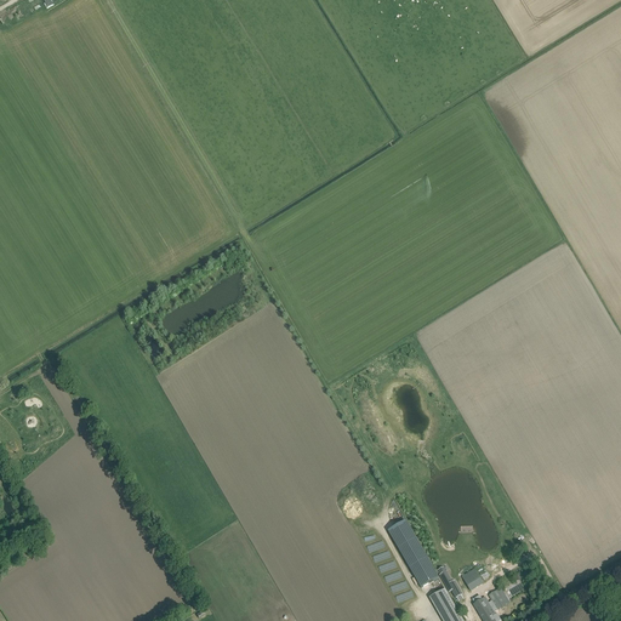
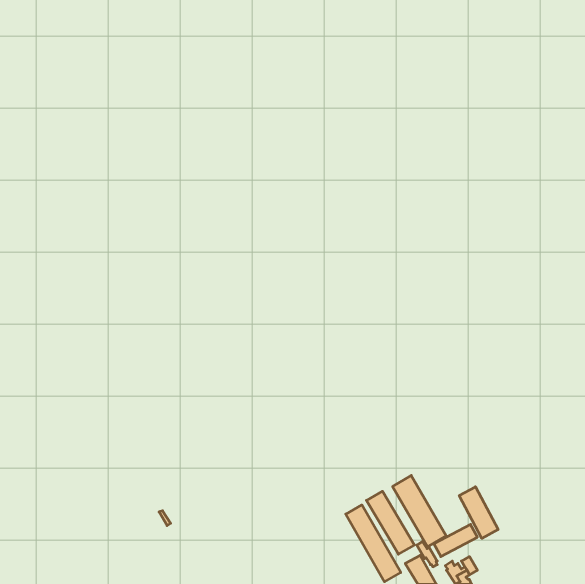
building: none -> [393,475,446,547]
building: none -> [459,487,498,538]

